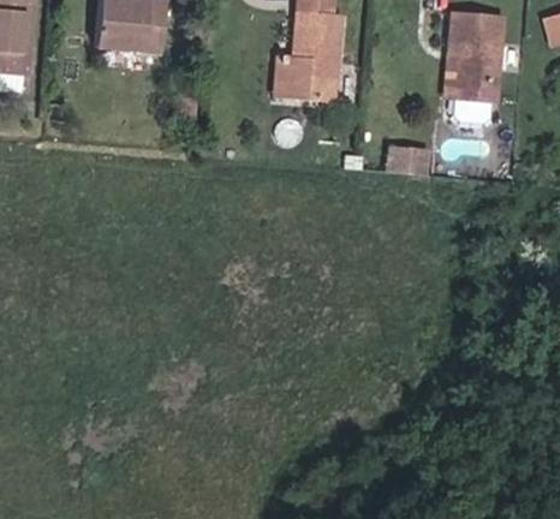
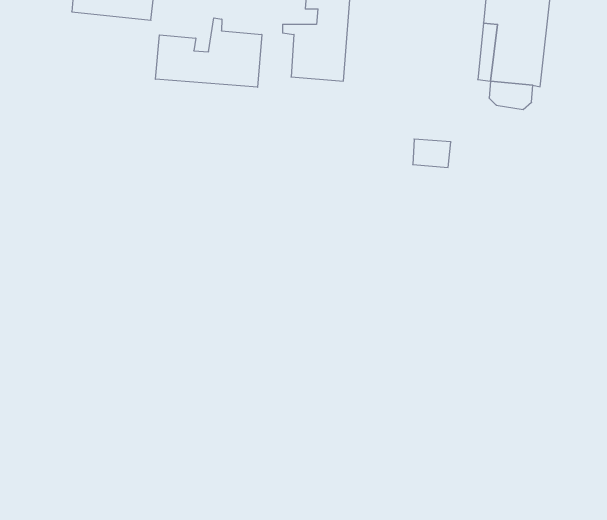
building: none -> [155,18,262,87]

